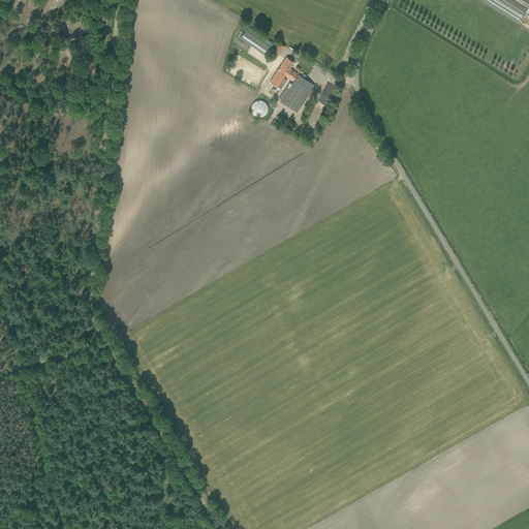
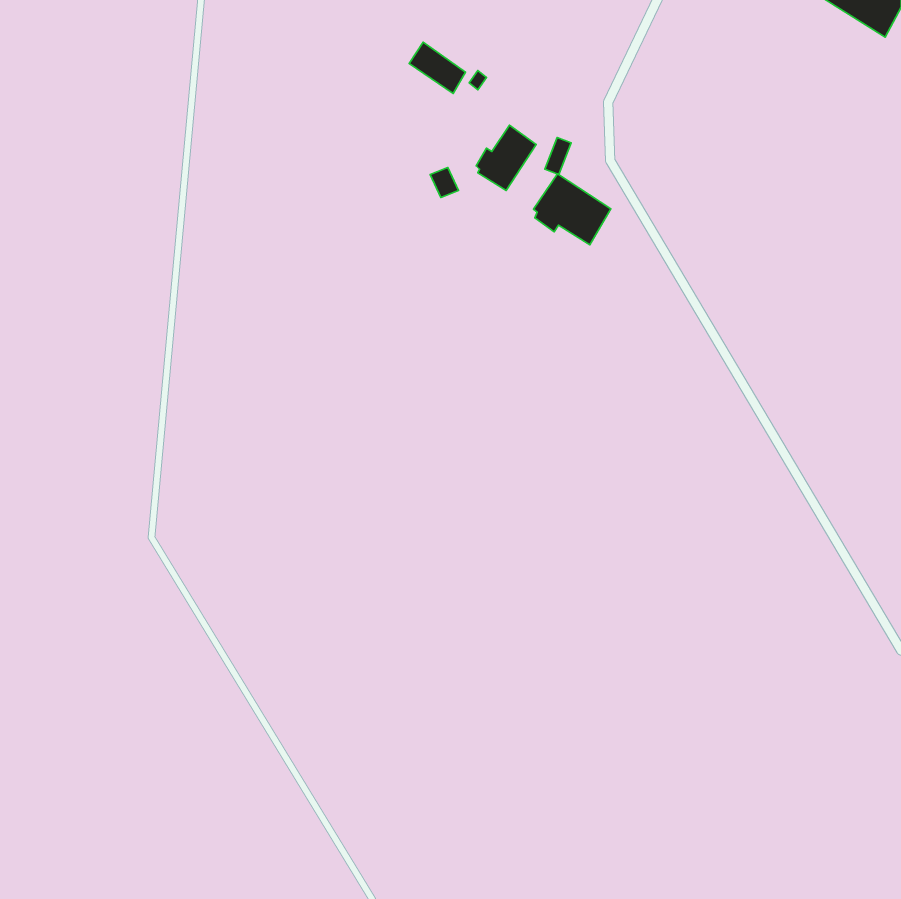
building: [270,56,298,89] -> none
building: none -> [534,174,611,245]

